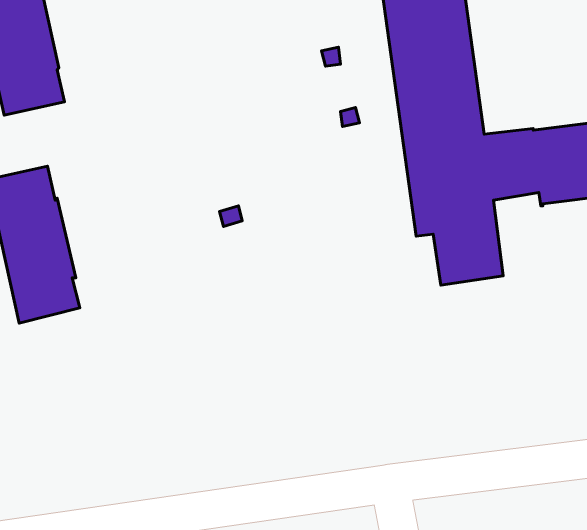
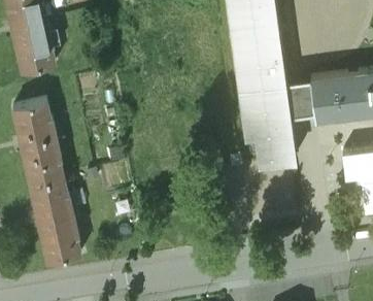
building: none -> [30,175,80,261]

